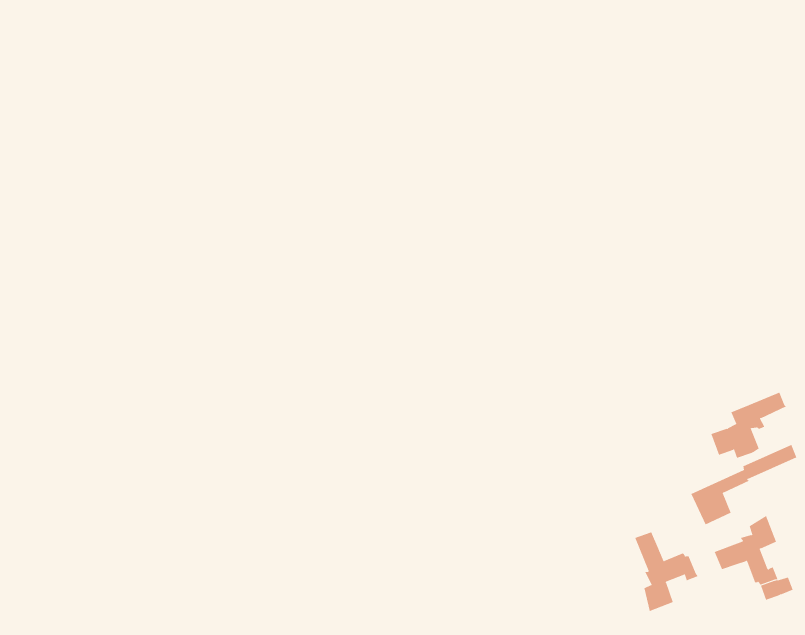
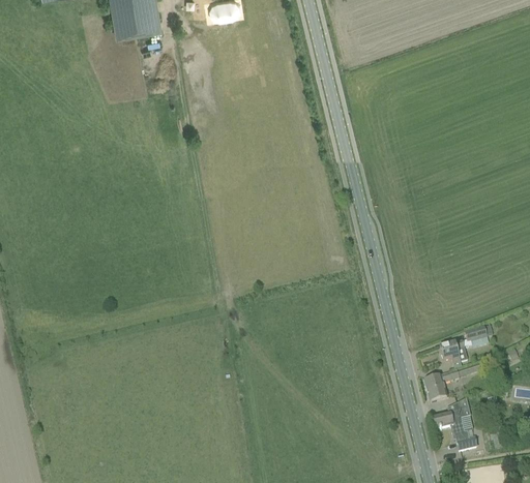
building: [635,532,698,612] -> none

